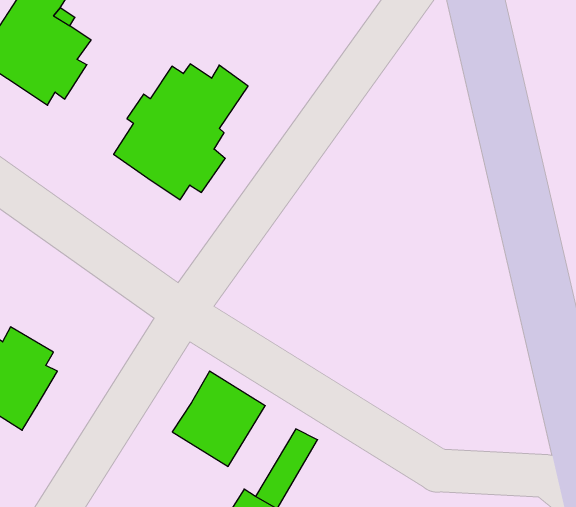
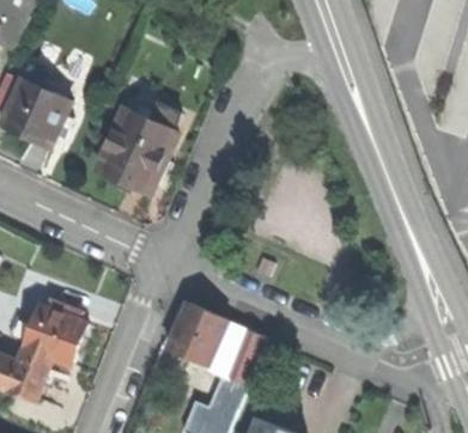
building: none -> [207,321,248,382]

